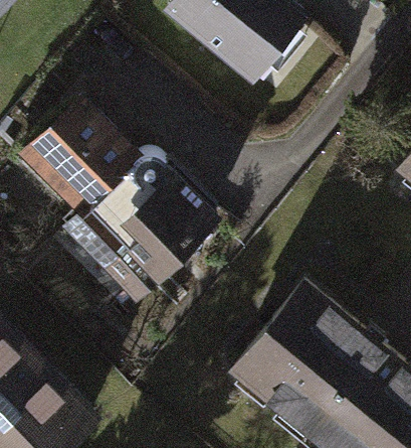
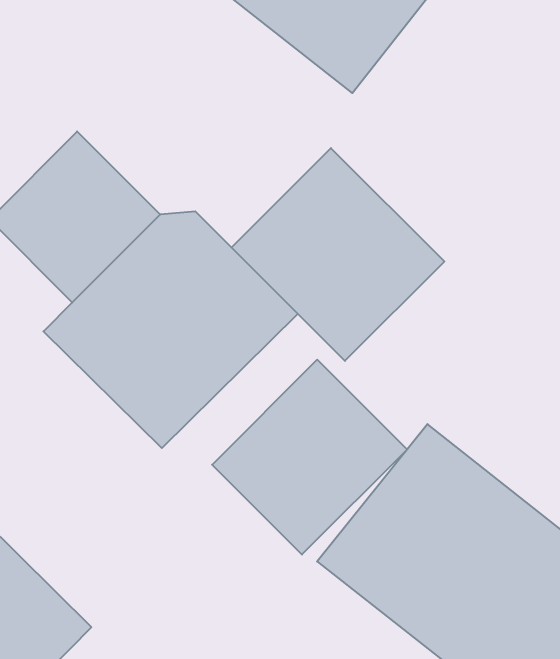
building: none -> [232,148,444,361]
building: none -> [212,360,407,555]

